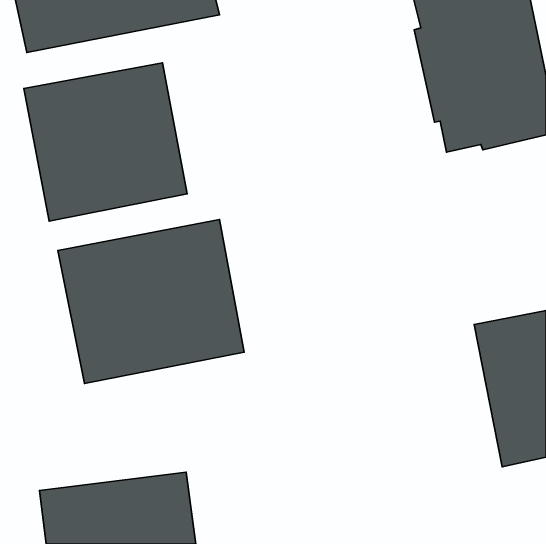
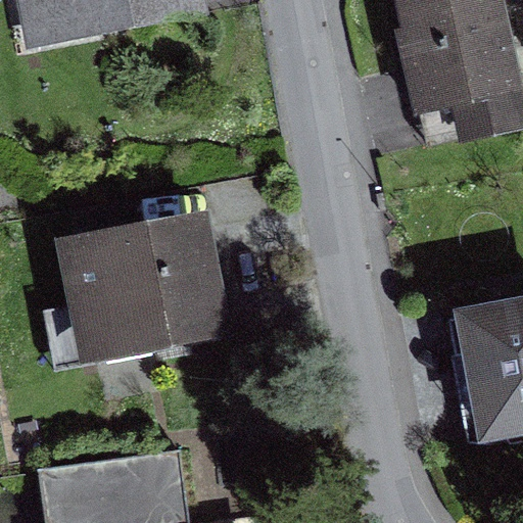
building: [24,63,187,221] -> none

